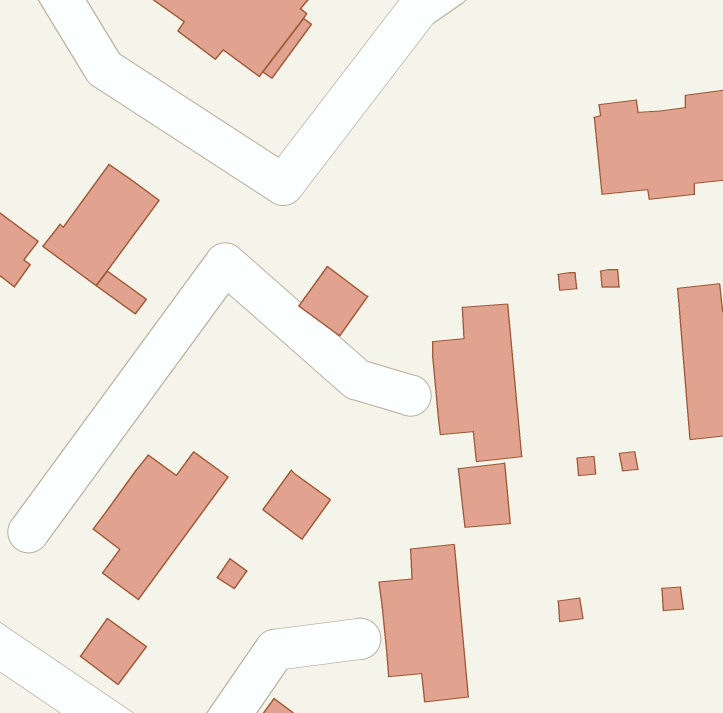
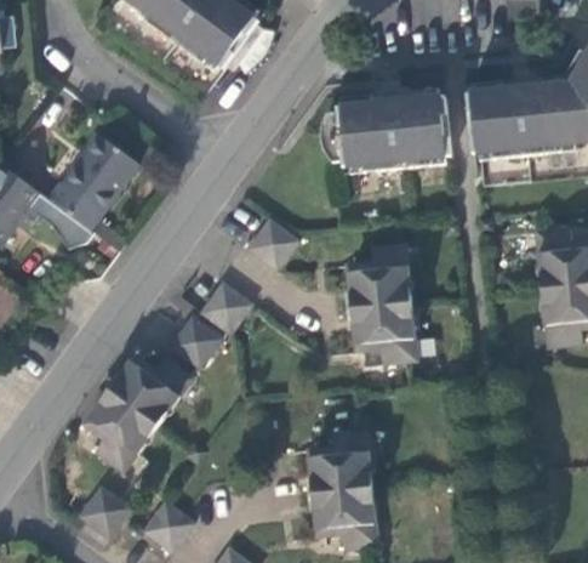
building: none -> [326,89,453,170]
building: none -> [199,280,251,332]
building: [459,463,510,527] -> none
building: [263,470,330,539] -> [169,314,221,368]
building: none -> [144,504,193,552]

